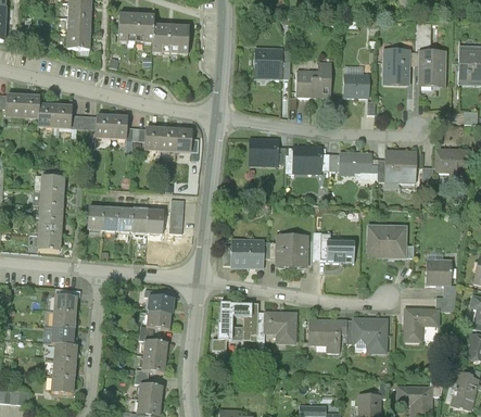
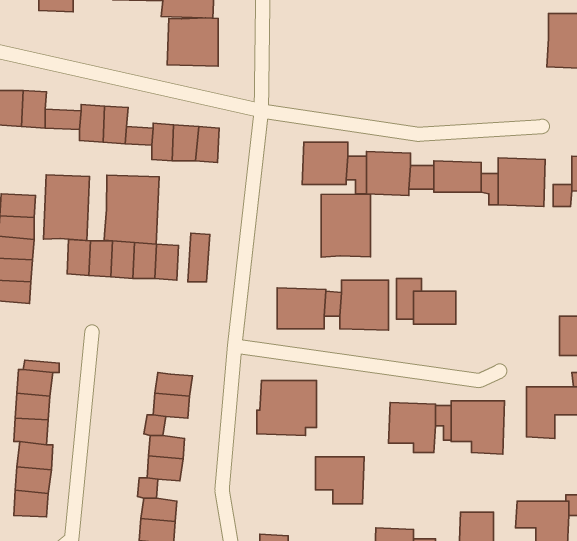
building: [254,47,283,79] -> none
building: [381,48,410,85] -> none
building: none -> [167,18,218,66]
building: [296,62,331,97] -> none
building: [343,73,370,99] -> none
building: none -> [43,175,90,241]
building: none -> [104,175,159,244]
building: none -> [321,194,370,257]
building: [367,225,407,258] -> none
building: [264,312,298,344] -> [316,457,364,504]

